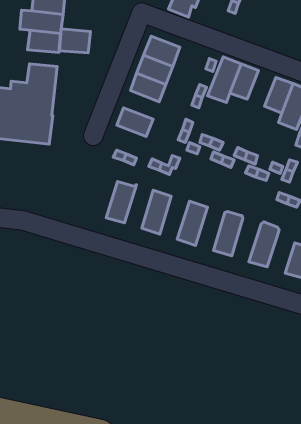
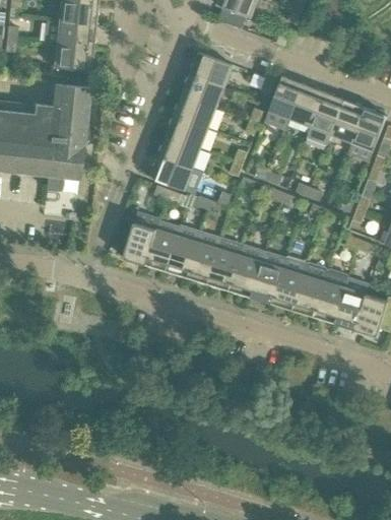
building: [60,29,90,53] -> none
building: none -> [311,91,344,133]
building: none -> [166,115,207,148]
building: none -> [149,155,201,193]
building: none -> [123,212,159,264]
building: none -> [167,225,200,276]
building: none -> [208,239,243,289]
building: none -> [250,252,284,303]
building: none -> [292,263,327,316]
building: none -> [334,287,367,329]

